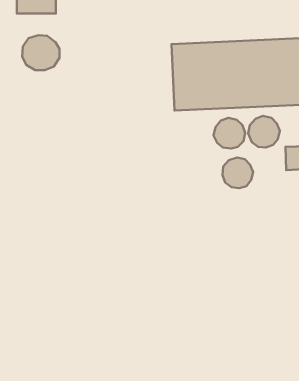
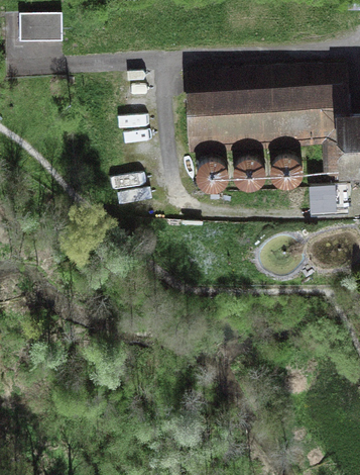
building: [22,35,60,70] -> none
building: [222,157,253,188] -> [195,156,228,189]

